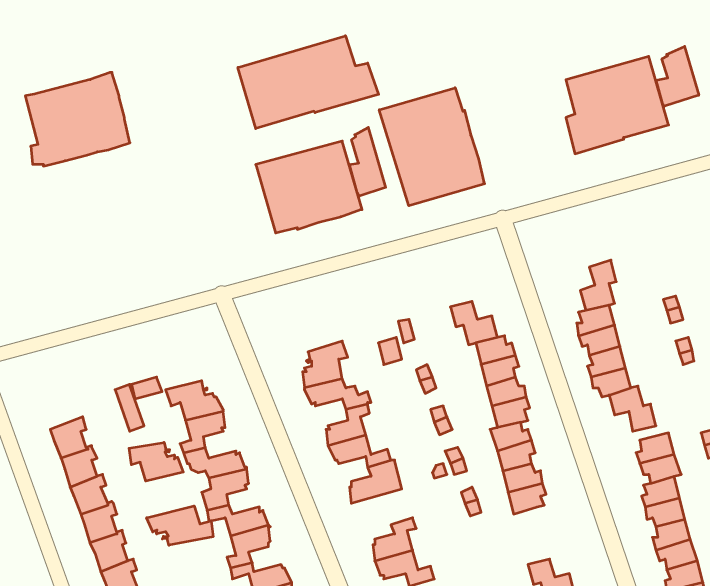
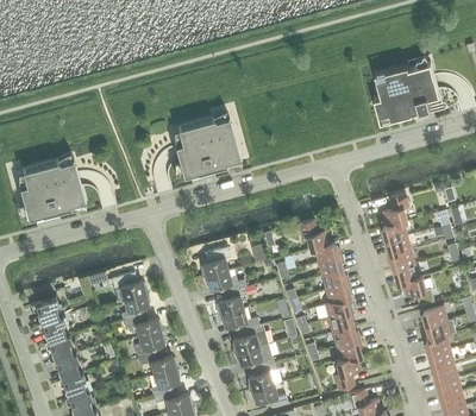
building: [238,36,379,129] -> none
building: [656,46,699,106] -> none
building: [25,72,130,166] -> [15,156,84,218]
building: [379,88,485,206] -> none
building: [350,127,386,196] -> none
building: [129,442,183,481] -> none
building: none -> [233,343,274,367]
building: [147,506,213,545] -> none
building: none -> [336,355,359,389]

